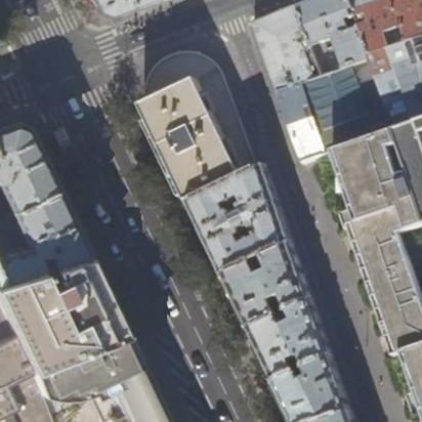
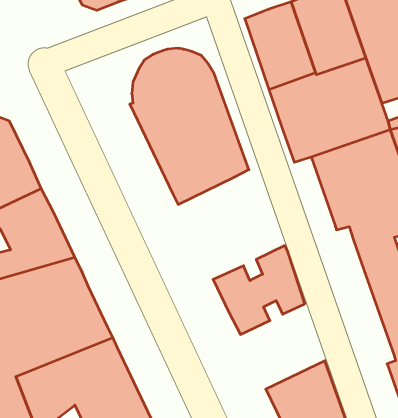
building: [187,166,291,276] -> none
building: [248,299,330,382] -> none

